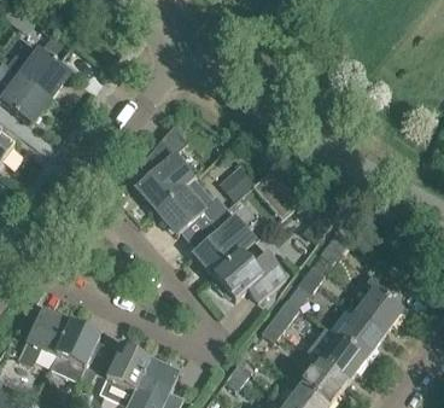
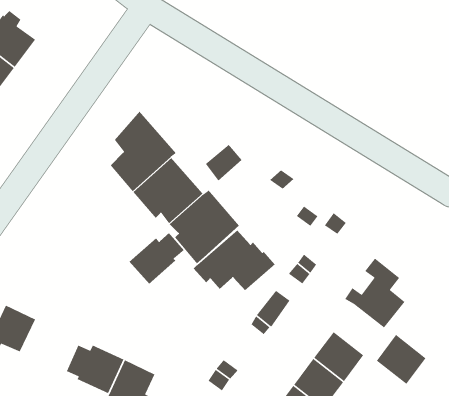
building: none -> [129,232,185,285]
building: [338,310,384,356] -> [376,334,427,385]
building: [49,324,107,384] -> none

